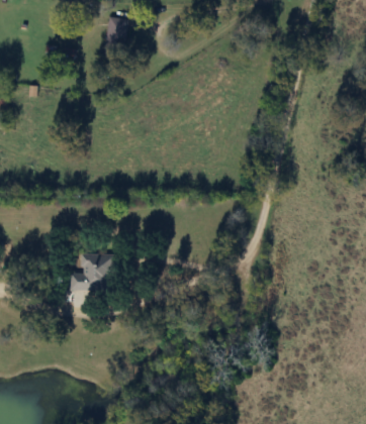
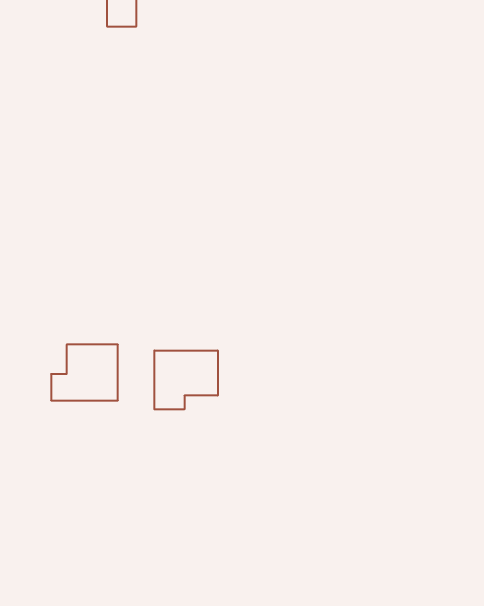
building: none -> [154,350,218,409]

